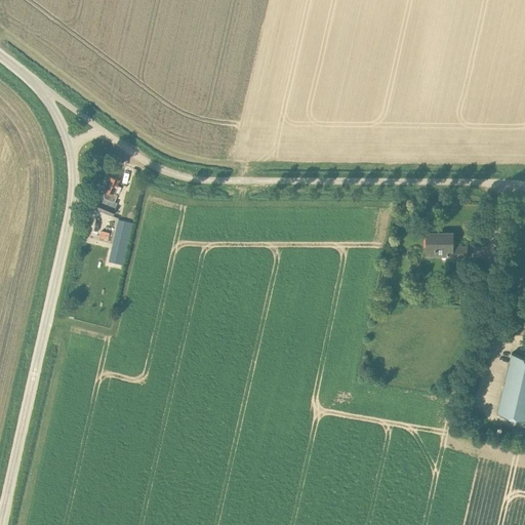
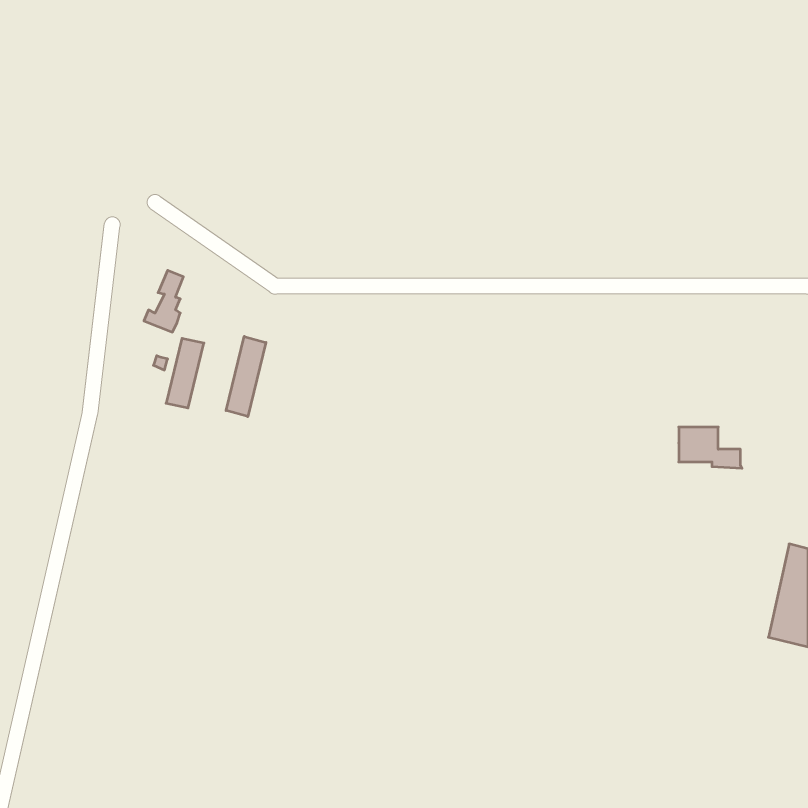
building: none -> [226,336,266,417]
building: [427,233,468,259] -> [679,427,742,468]

